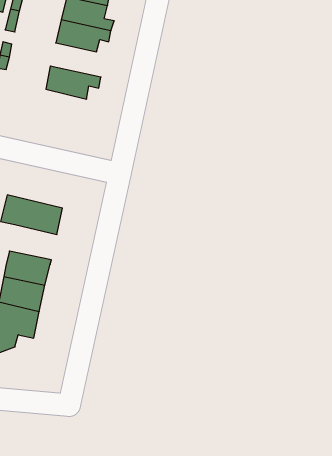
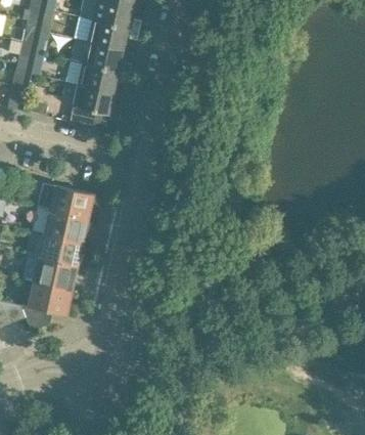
building: none -> [81,41,130,73]
building: none -> [69,84,121,132]
building: none -> [43,210,87,243]

